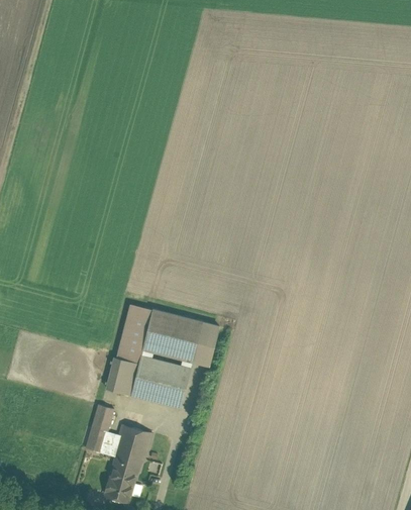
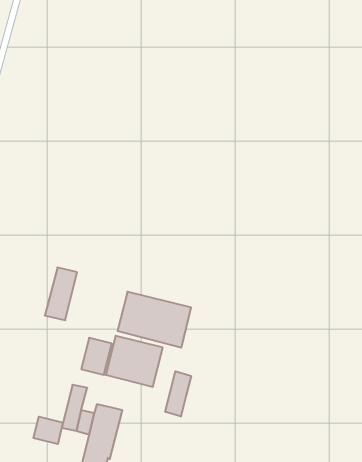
building: [117,306,150,361] -> [45,267,77,320]
building: none -> [165,371,191,417]
building: none -> [34,417,63,444]

